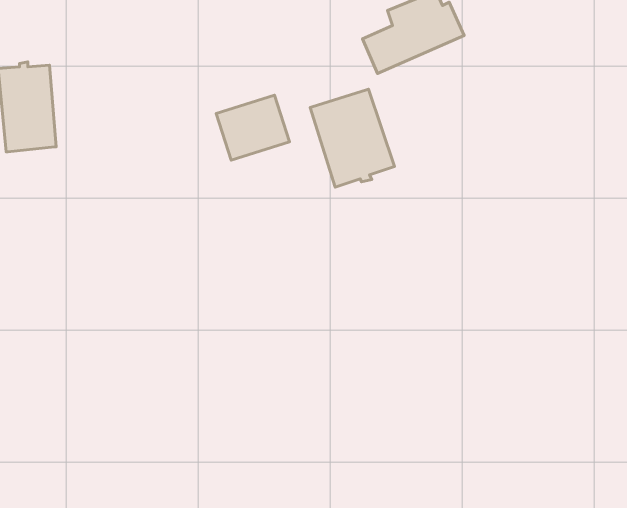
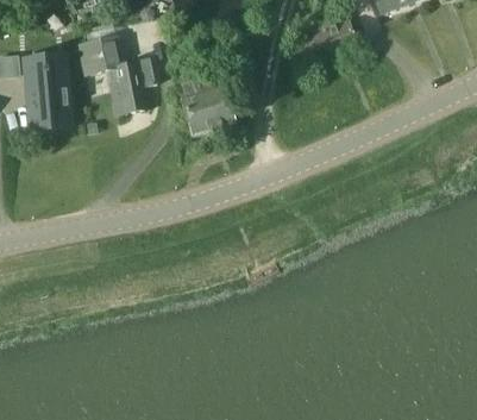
building: none -> [79,35,156,114]
building: [310,89,395,187] -> none

